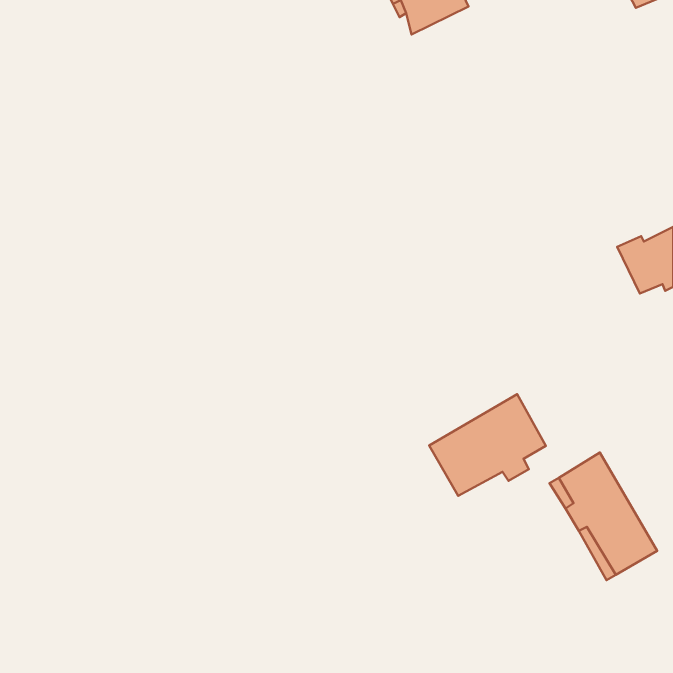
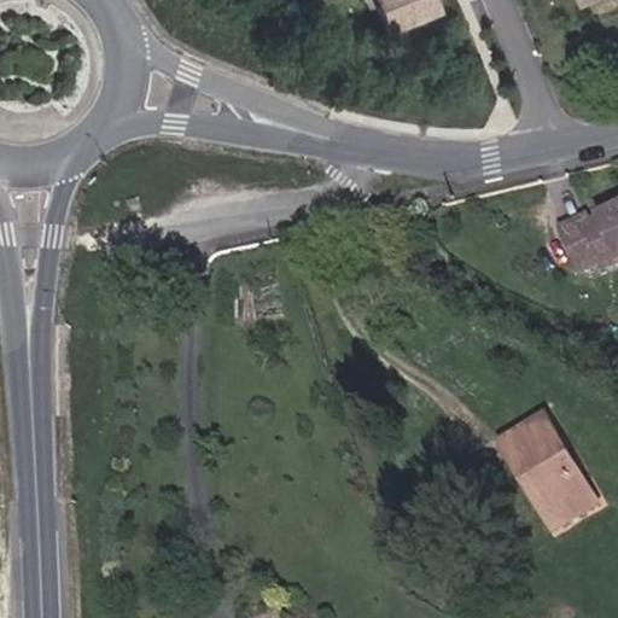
building: [429,394,546,496] -> none

